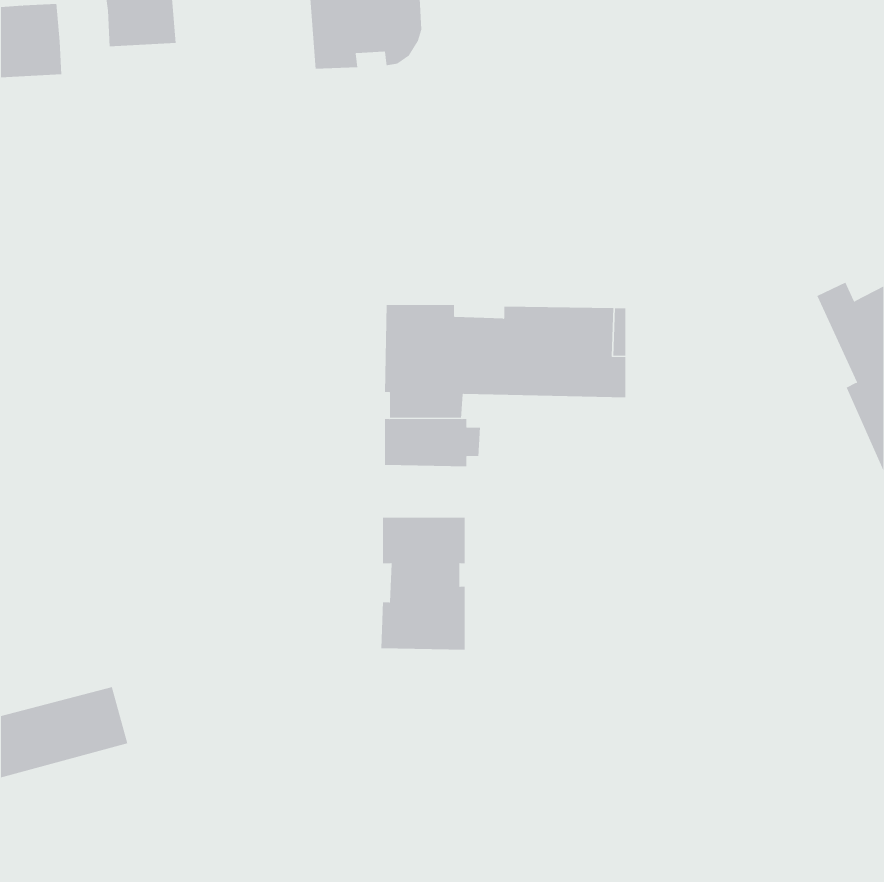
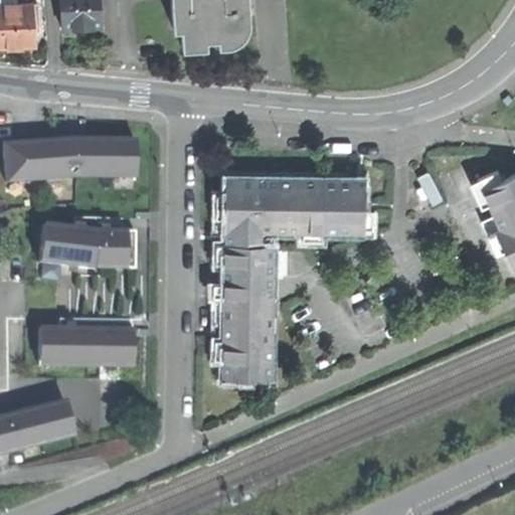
building: none -> [4,136,138,181]
building: none -> [40,222,128,268]
building: none -> [222,271,272,301]
building: none -> [40,327,135,367]

